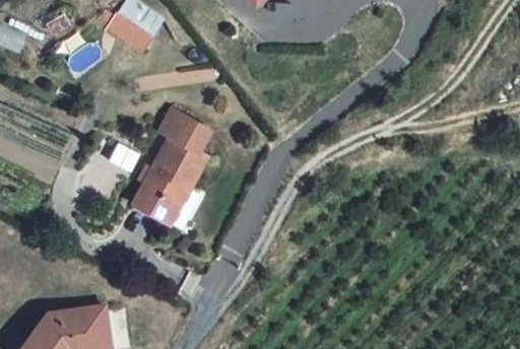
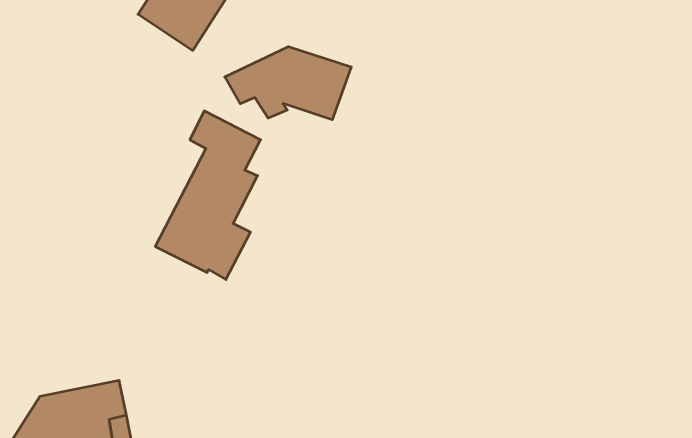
building: none -> [225,47,351,120]

